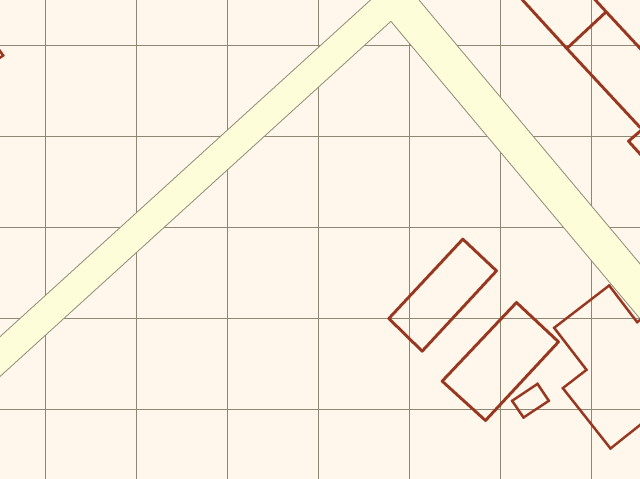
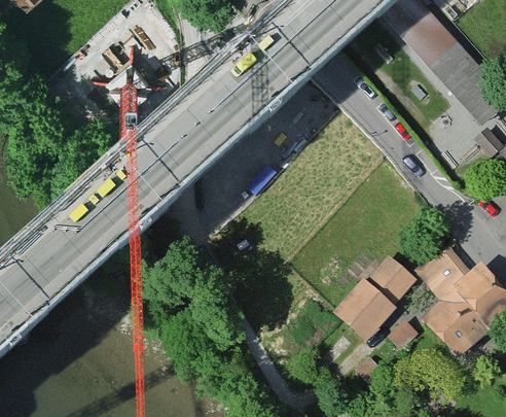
building: [389,239,496,351] -> none

